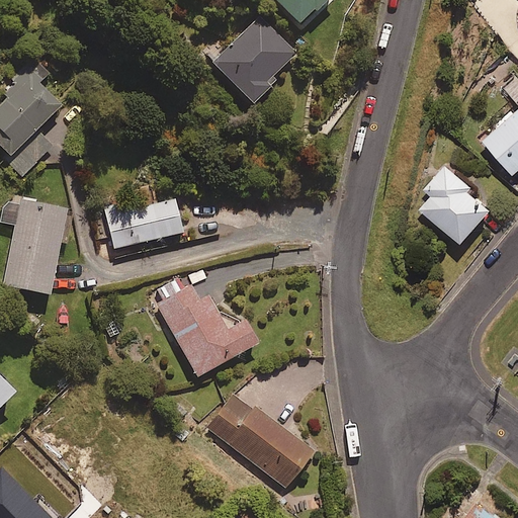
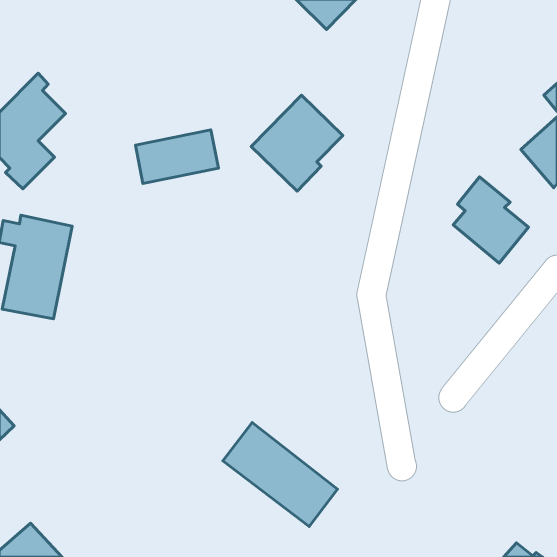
building: [211,15,296,104] -> [251,95,343,191]
building: [105,198,182,248] -> [135,130,218,183]
building: [147,277,258,378] -> none

